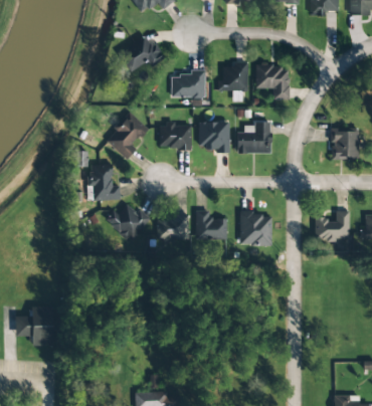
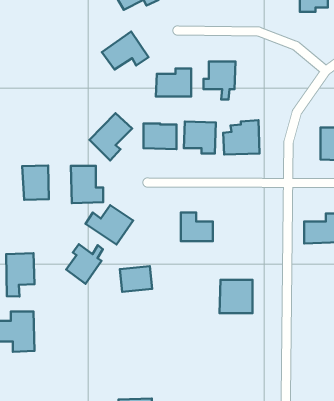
building: [255,65,290,98] -> none
building: none -> [22,165,49,200]
building: [239,213,271,245] -> [219,280,253,313]
building: [158,215,189,240] -> [120,266,152,292]
building: none -> [66,244,103,284]
building: none -> [6,253,34,296]

